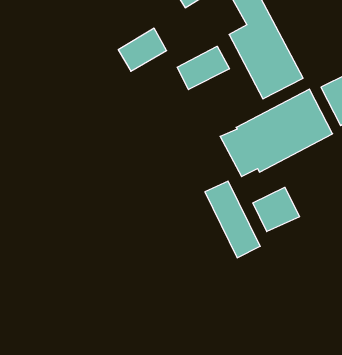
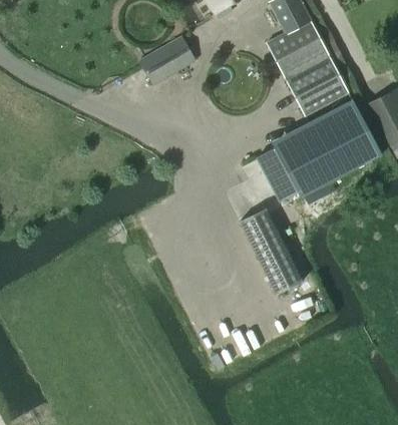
building: [177,46,229,90] -> none
building: [253,187,299,232] -> none

